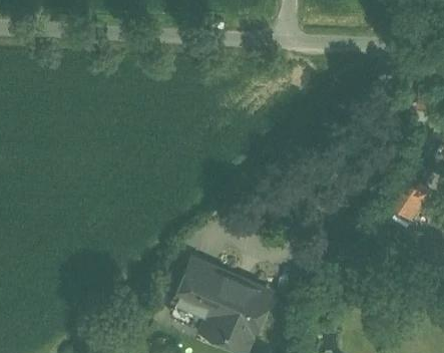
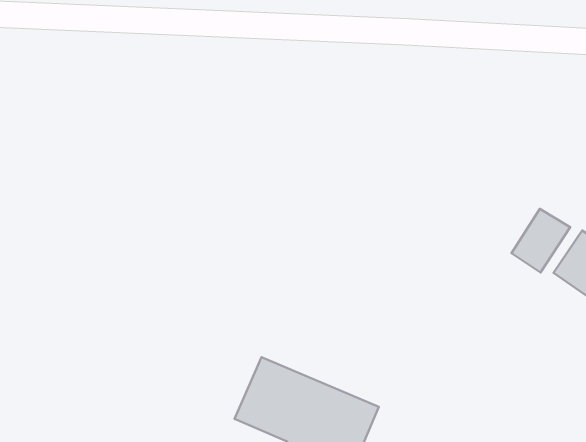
building: none -> [511,209,570,272]

